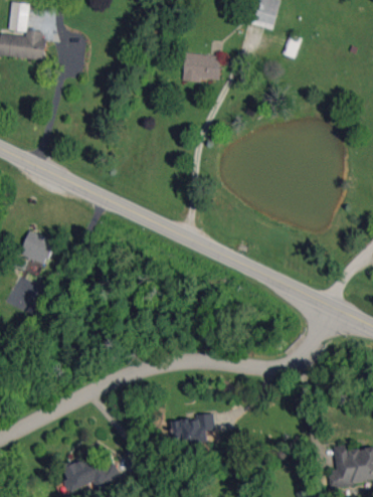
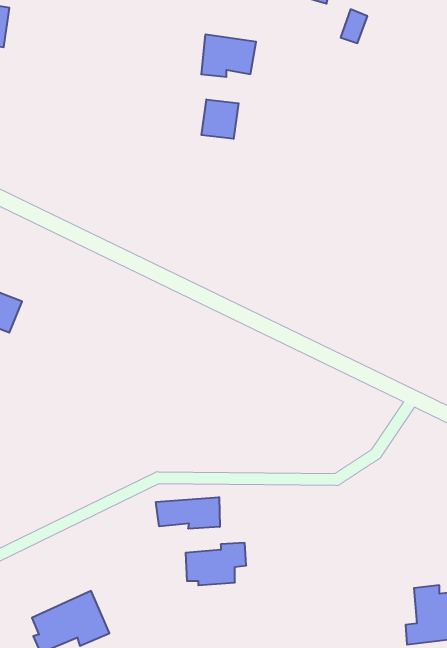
building: none -> [201,99,239,139]
building: none -> [156,497,220,529]

